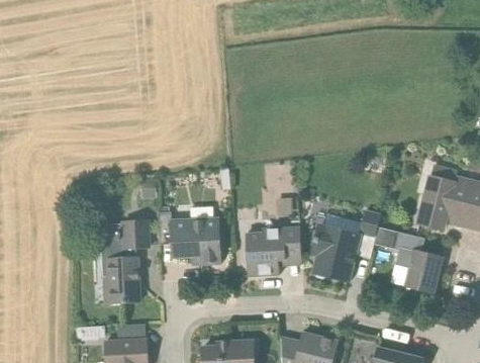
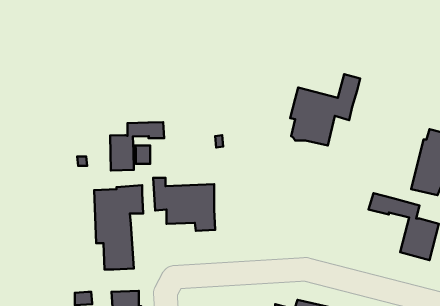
building: none -> [110,122,164,171]
building: [311,210,381,281] -> [290,74,360,145]
building: [246,226,301,275] -> none

